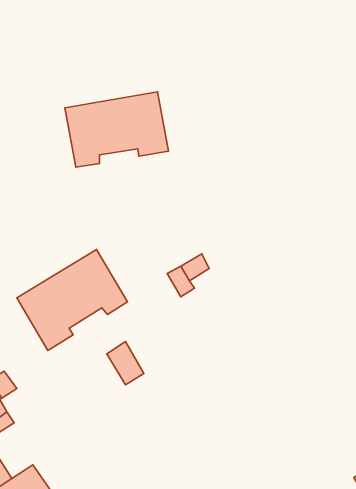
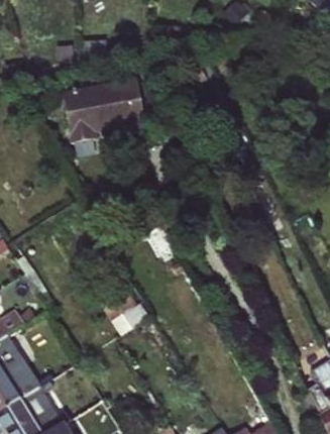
building: [17,249,128,350] -> none

